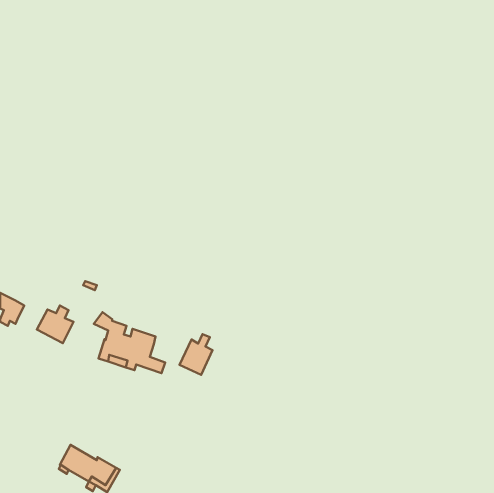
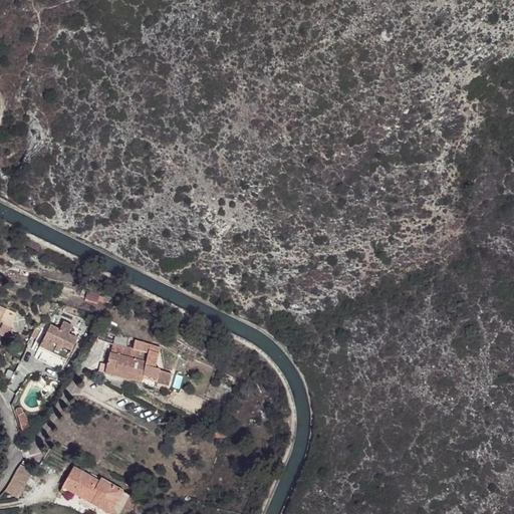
building: [180,334,212,375] -> none
building: none -> [4,465,33,498]

